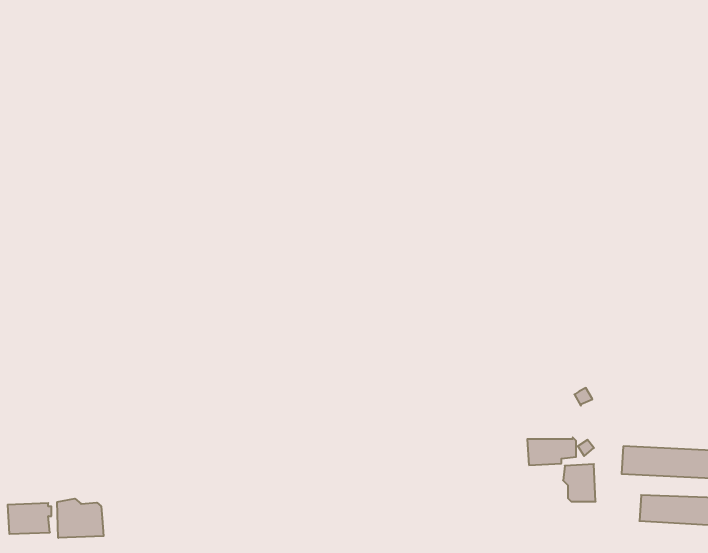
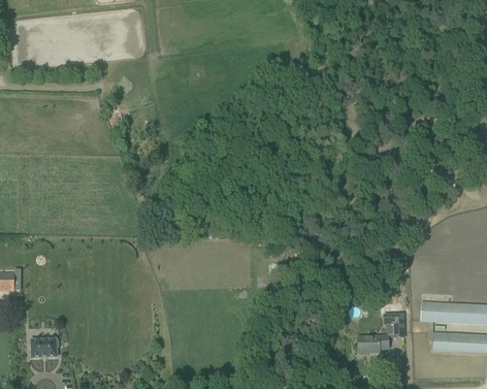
building: [527,437,576,465] -> [357,334,388,352]
building: [57,499,104,538] -> none

